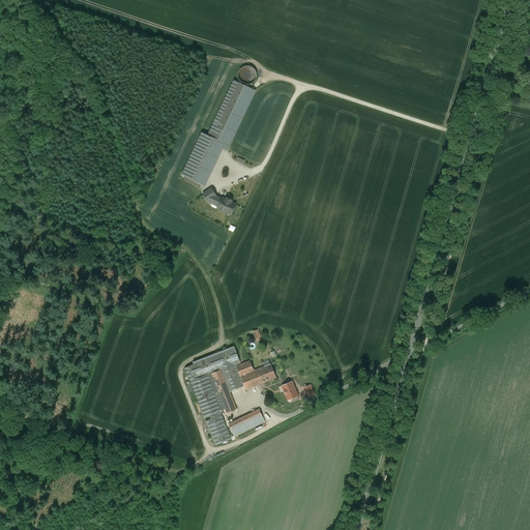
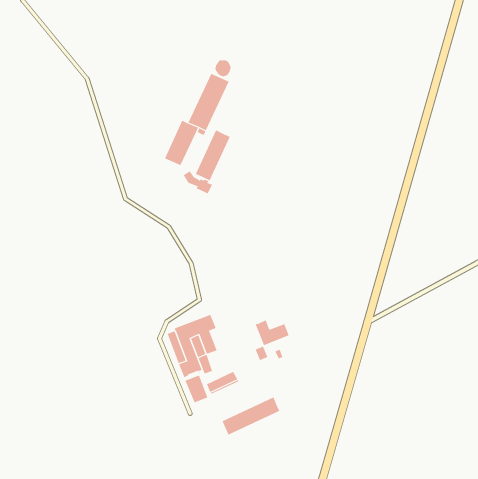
building: none -> [195,129,230,181]
building: [236,360,274,389] -> [255,320,290,346]
building: none -> [222,396,280,436]

